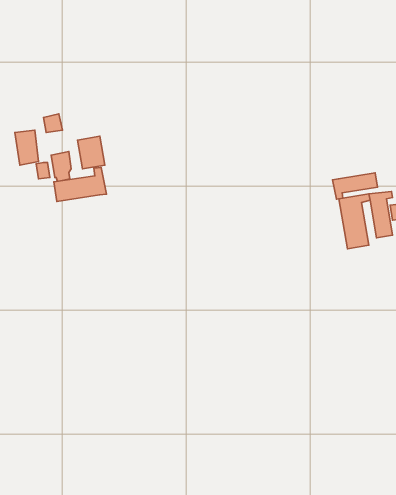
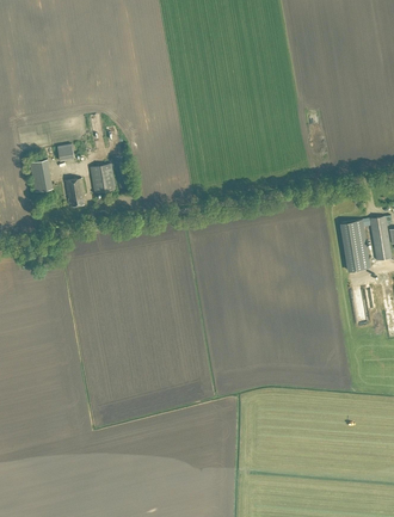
building: [54,167,107,201] -> none
building: [332,173,378,199] -> none

